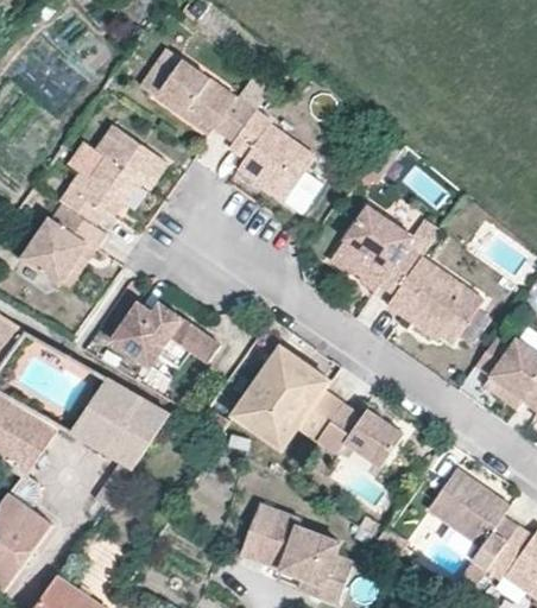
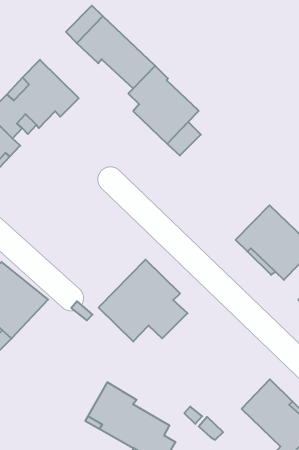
building: [329,204,424,293] -> none
building: [109,300,221,368] -> none
building: [316,403,404,467] -> none

